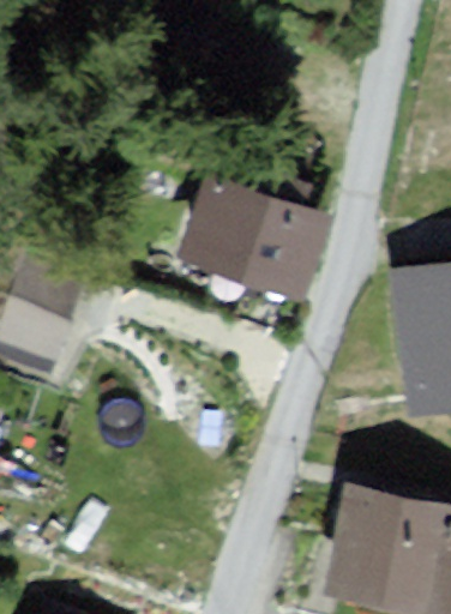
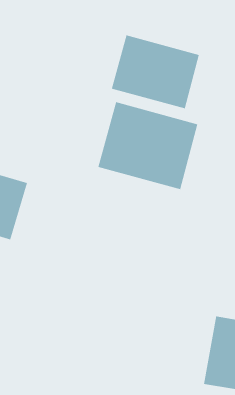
building: none -> [111,35,200,109]

